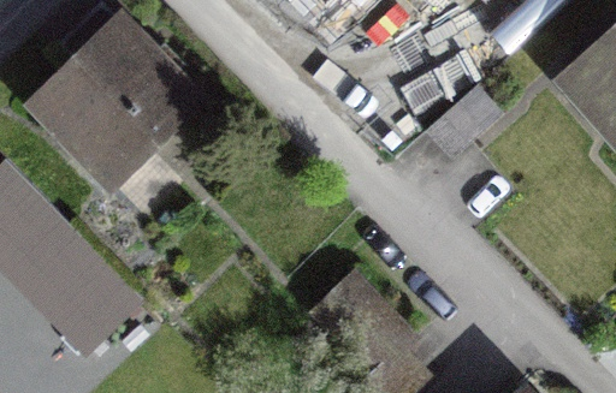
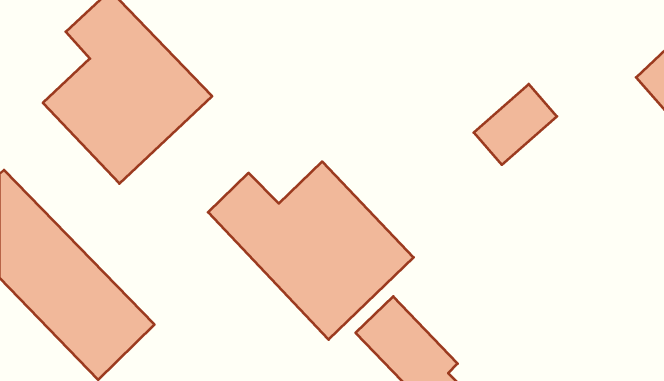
building: none -> [208,162,414,340]

